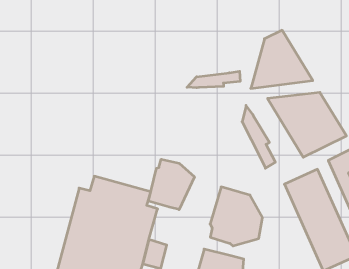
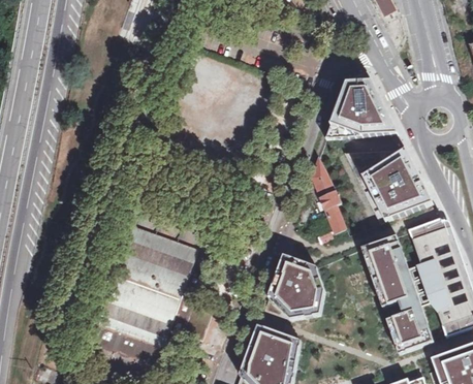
building: [187,71,240,88] -> none
building: [149,159,194,210] -> none

